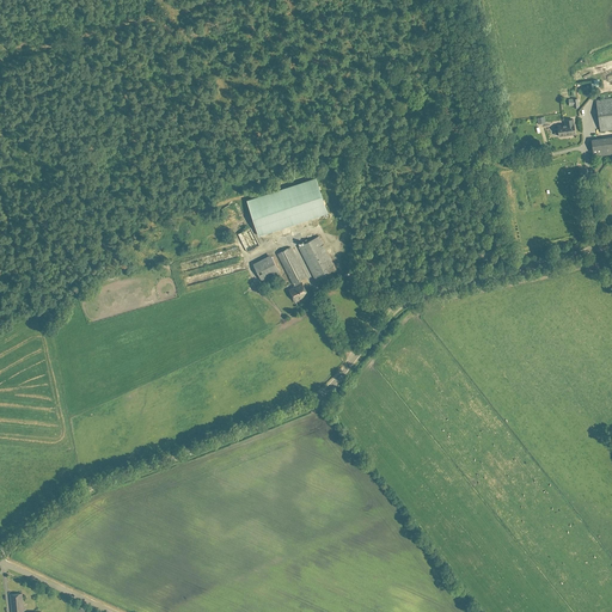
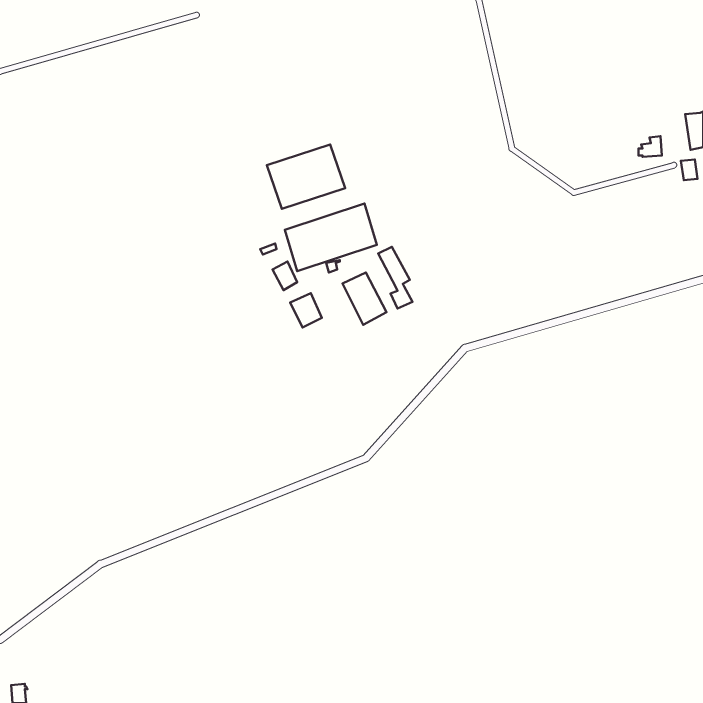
building: none -> [267,144,345,209]
building: [277,247,307,301] -> [378,247,413,309]

